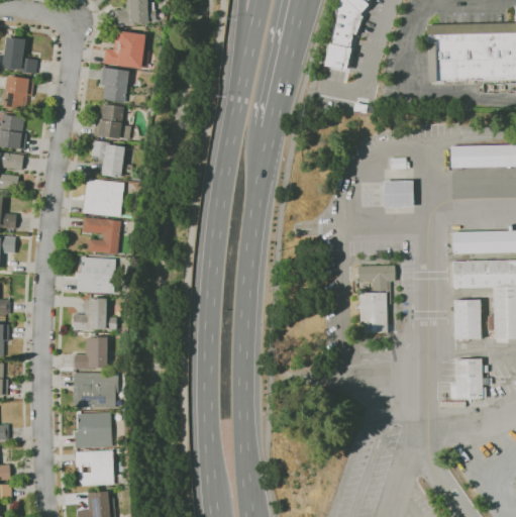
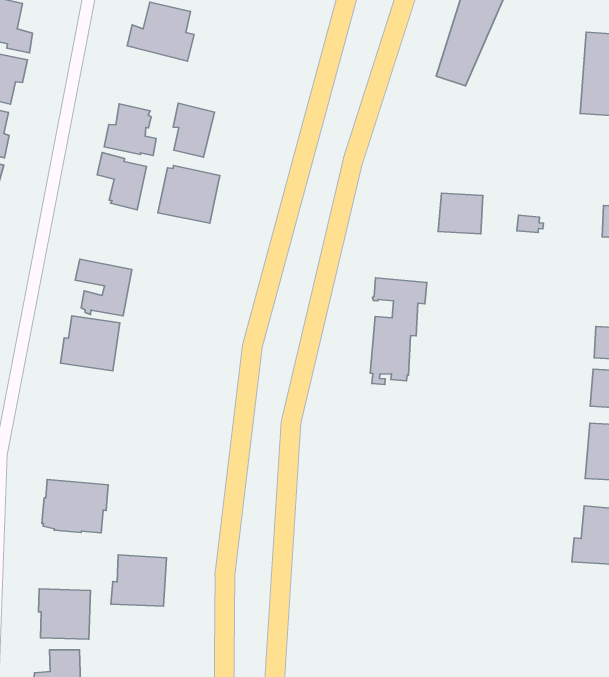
building: [101,67,129,103] -> [173,103,215,157]
building: [83,179,124,217] -> [158,166,220,223]
building: [384,180,414,208] -> [438,193,483,234]
building: [357,266,395,340] -> [370,278,427,385]
building: [74,298,117,330] -> none
building: [75,337,113,369] -> none
building: [75,412,112,448] -> [111,555,167,606]

